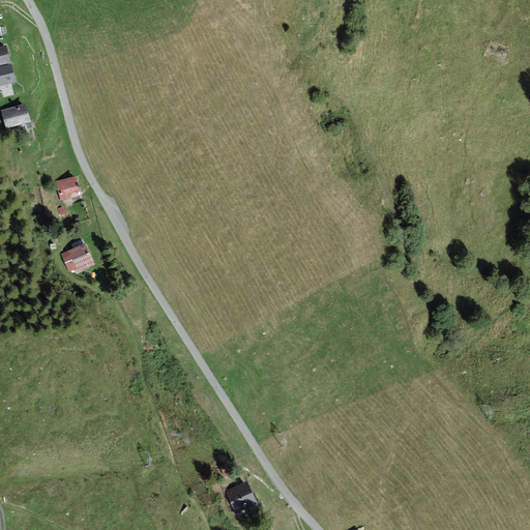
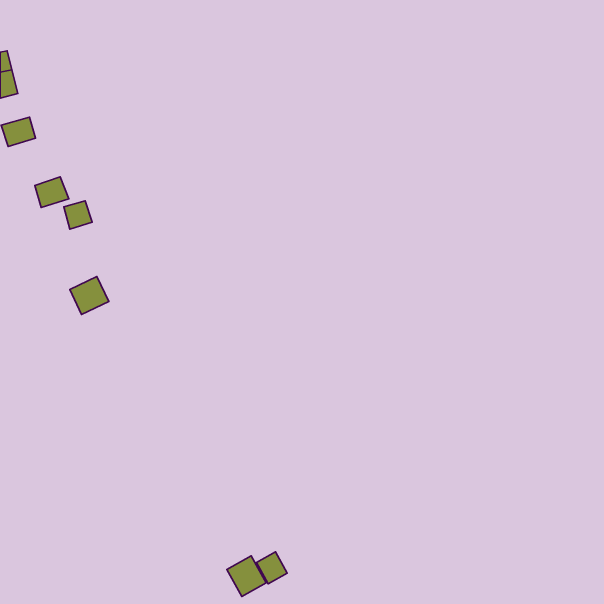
building: none -> [35,177,69,208]
building: none -> [227,556,266,596]

